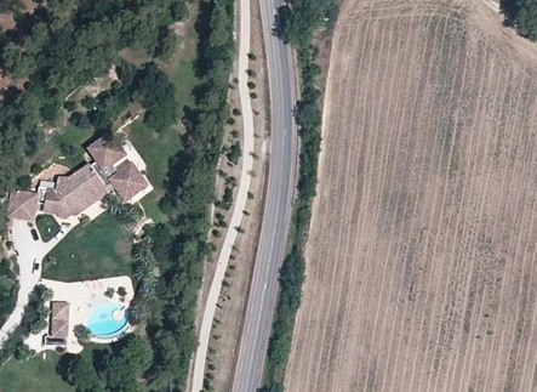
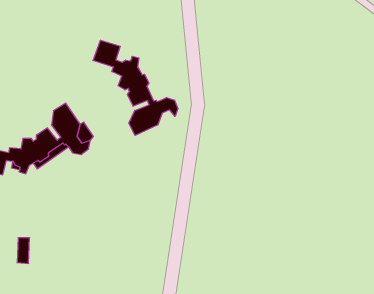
building: none -> [93,40,178,135]

